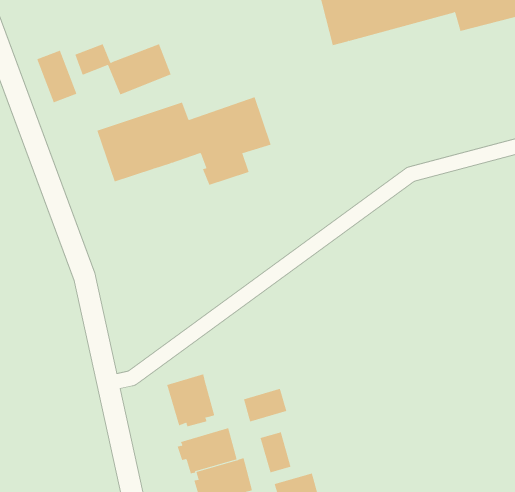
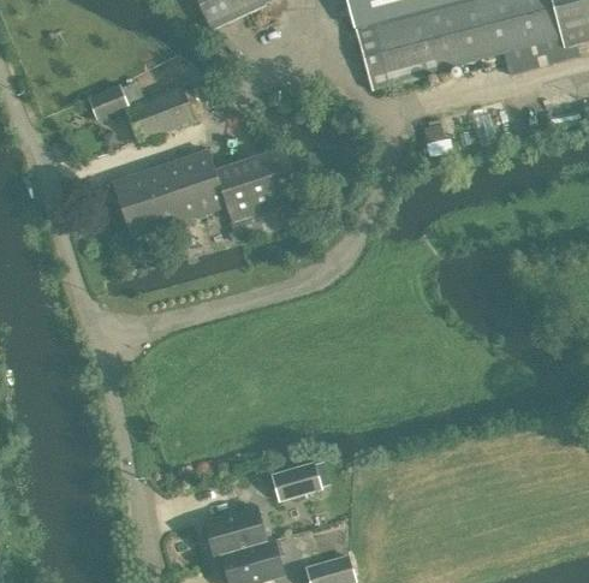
building: [37,50,77,103] -> none
building: [167,373,215,427] -> none
building: [260,432,291,473] -> none

